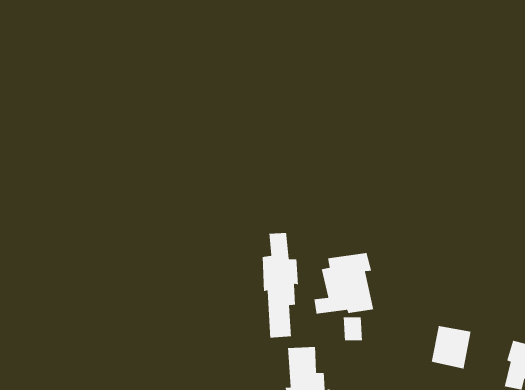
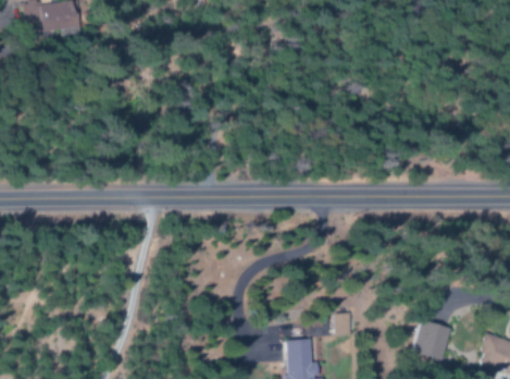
building: [262,232,299,338] -> none
building: [314,252,374,315] -> none

